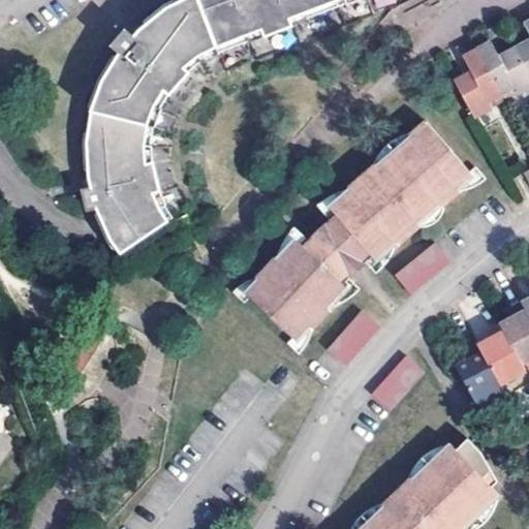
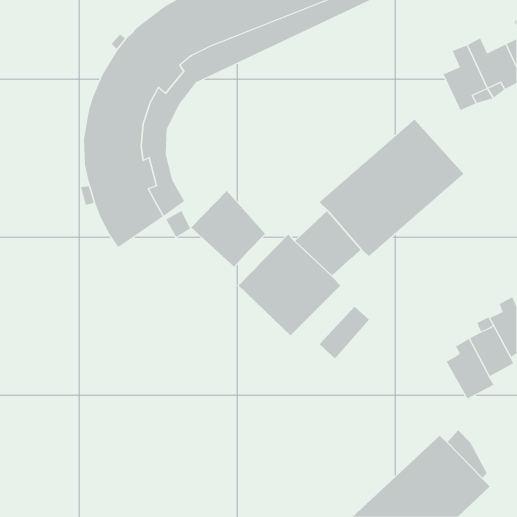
building: none -> [190,190,266,267]
building: [392,241,447,291] -> none
building: [369,353,424,409] -> none

